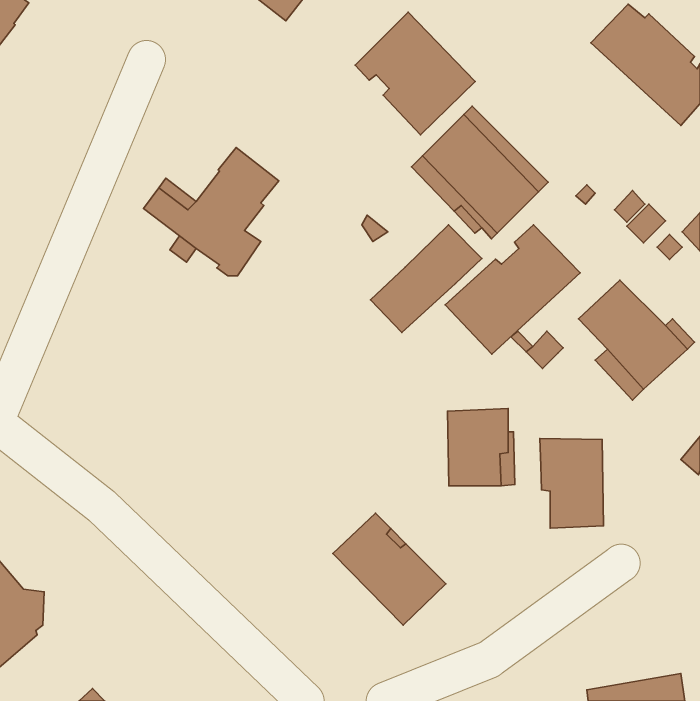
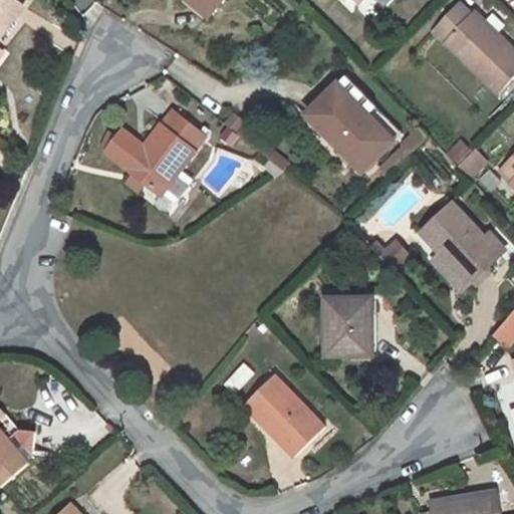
building: [355,12,475,135] -> none
building: [371,225,482,332] -> none
building: [445,225,580,354] -> none
building: [540,439,604,528] -> none

